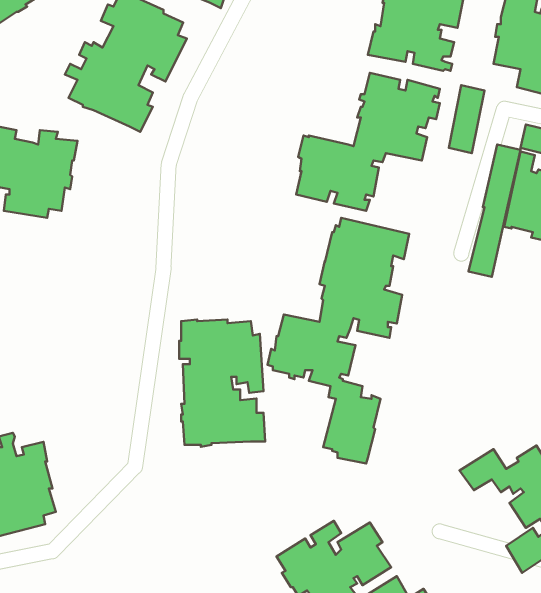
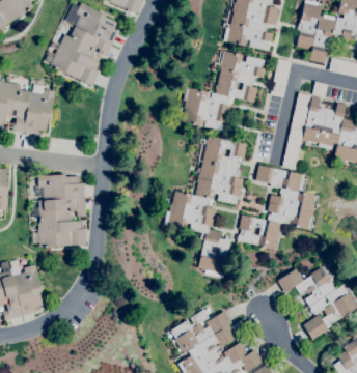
building: none -> [237,165,315,250]
building: [179,319,265,447] -> [36,174,86,248]

